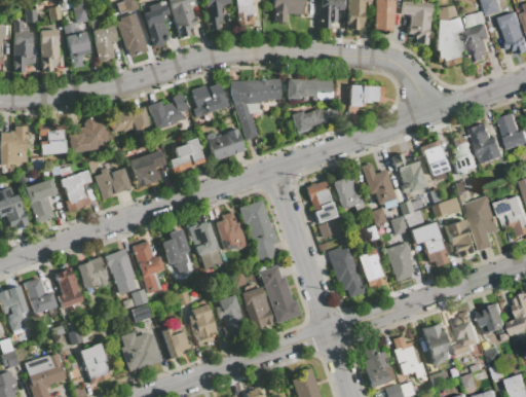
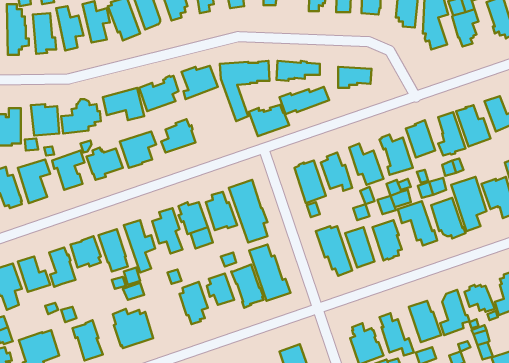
building: [205,129,247,160] -> [249,105,289,136]
building: [162,321,192,359] -> none

